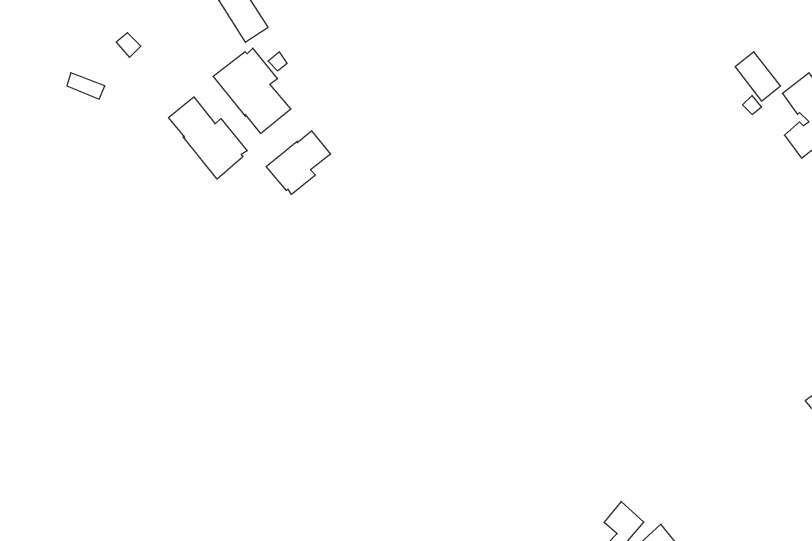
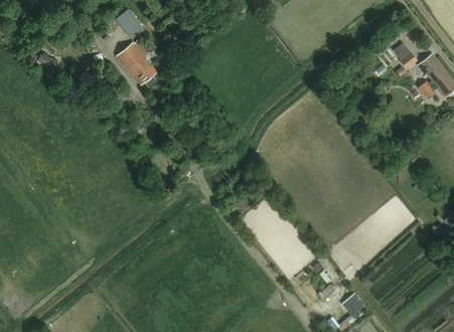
building: [169,97,247,179] -> none
building: [266,131,331,194] -> none

